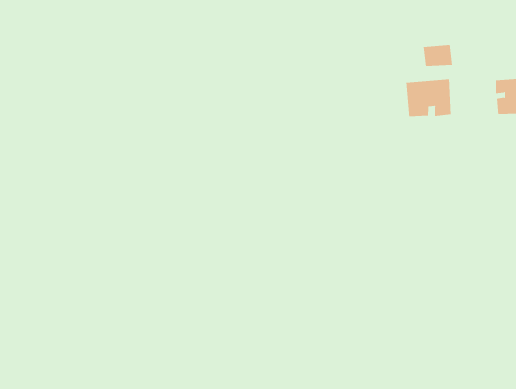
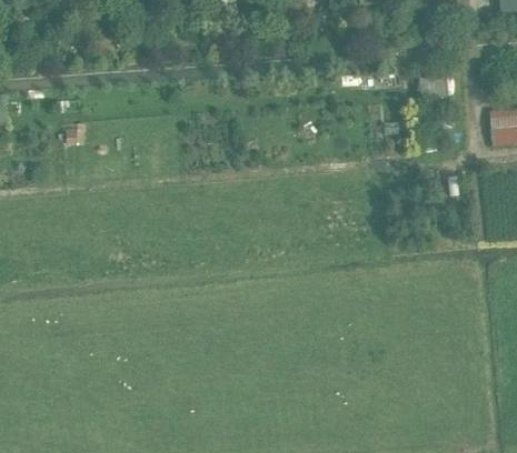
building: [406,78,451,117] -> none

